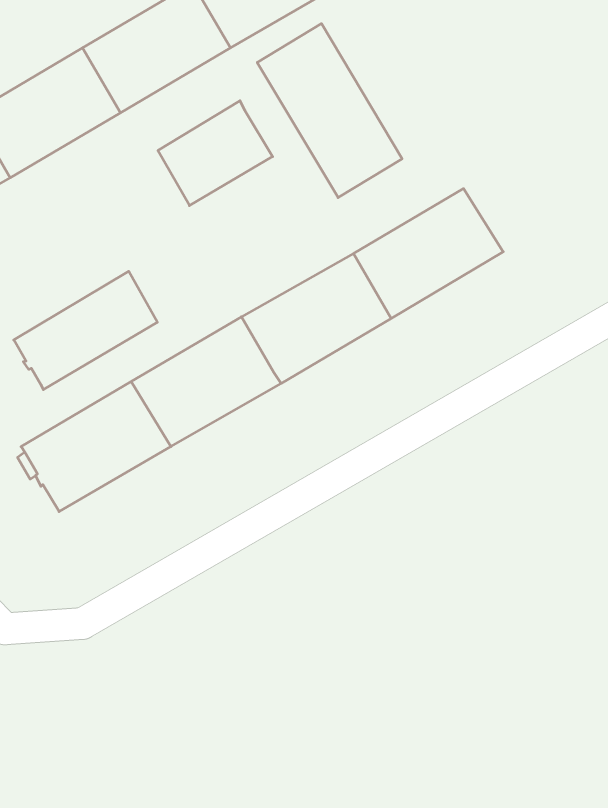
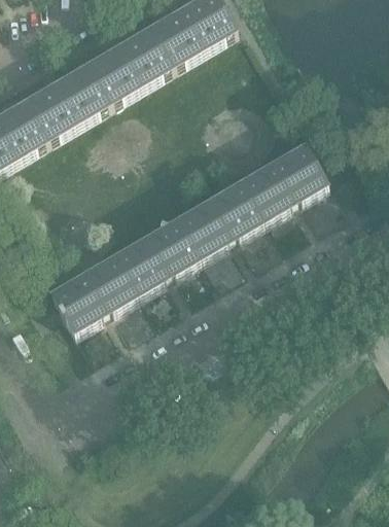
building: [257,24,402,198] -> none
building: [158,101,273,206] -> none
building: [14,271,157,390] -> none

